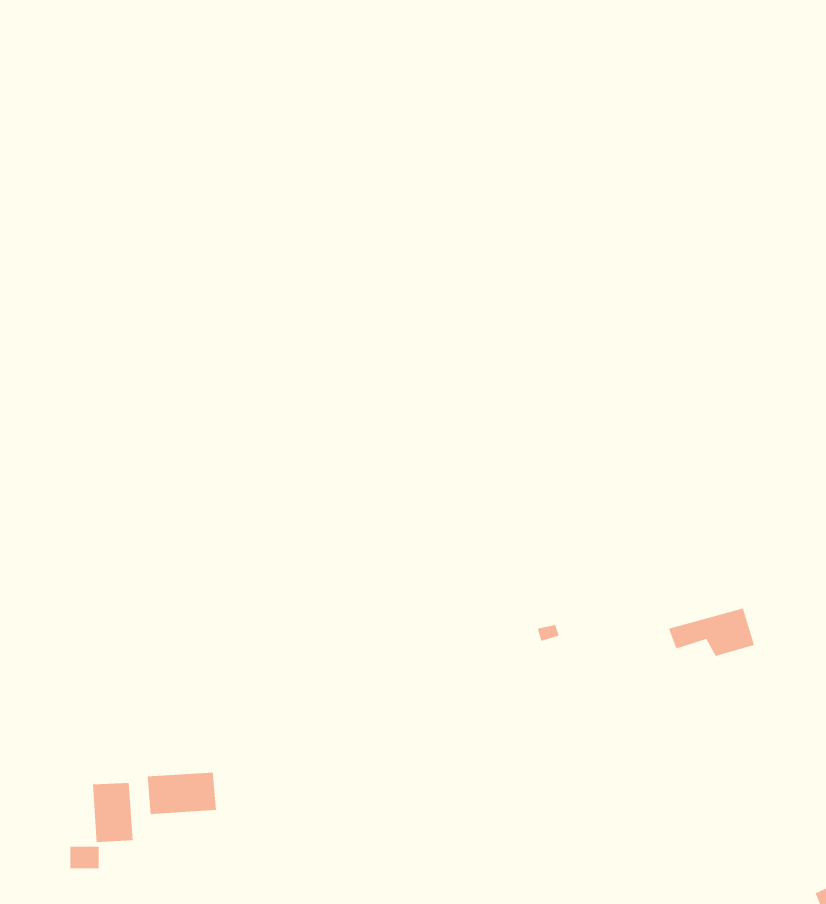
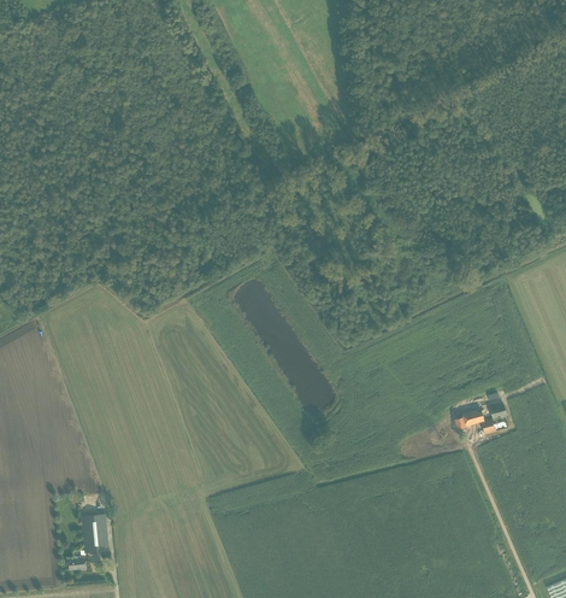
building: [147,772,216,815] -> none

